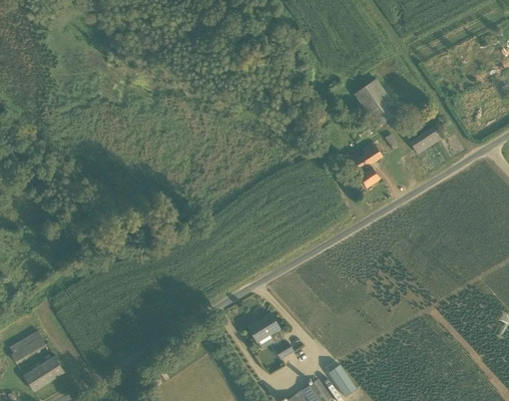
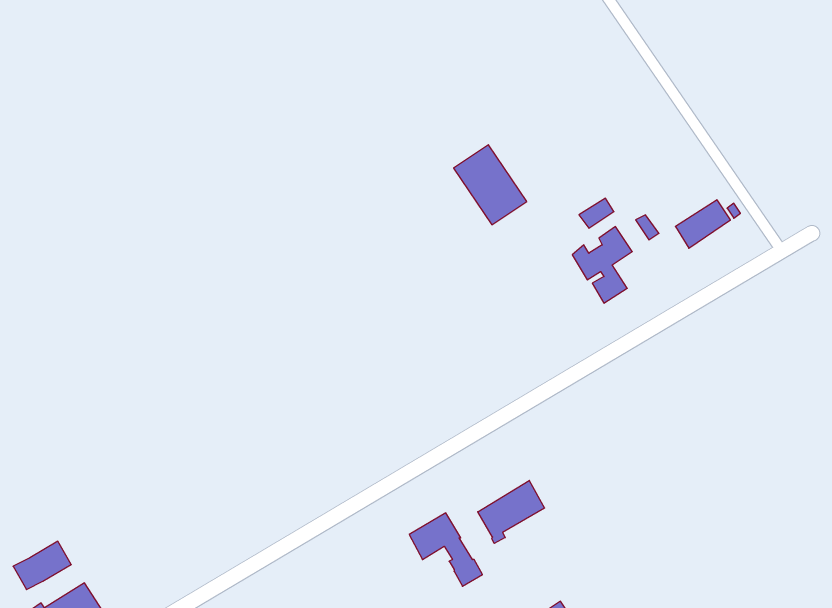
building: [354,78,398,126] -> [454,145,527,225]
building: none -> [478,480,545,543]

